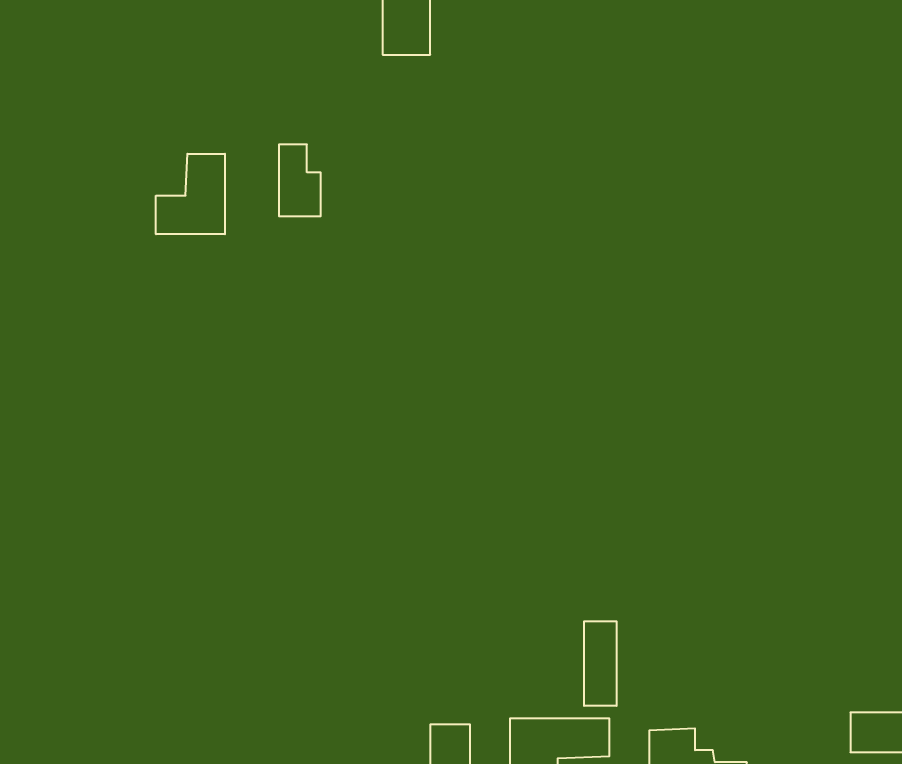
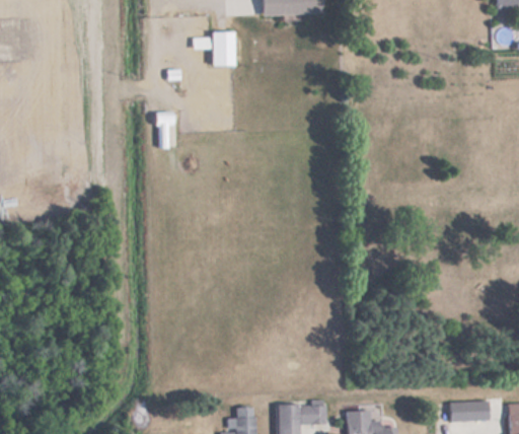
building: [156,154,225,234] -> none
building: [584,621,617,706] -> none

